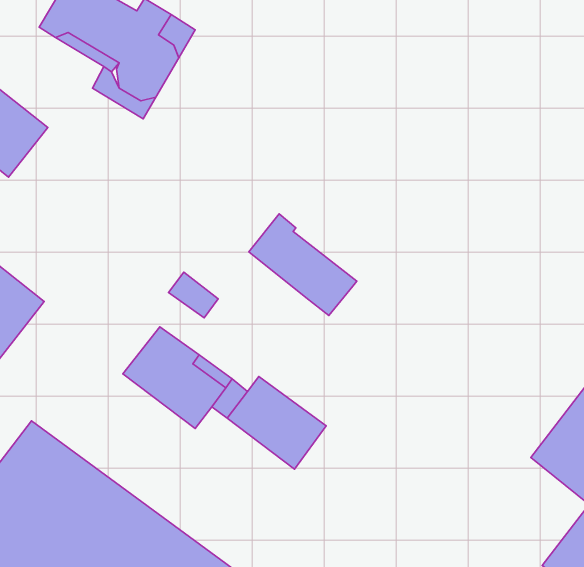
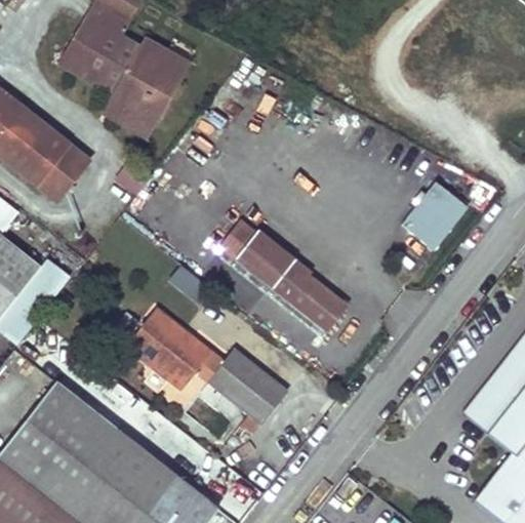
building: none -> [36,147,89,204]
building: none -> [397,179,468,250]
building: none -> [294,275,351,328]

